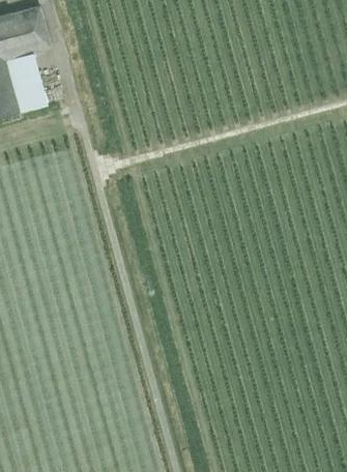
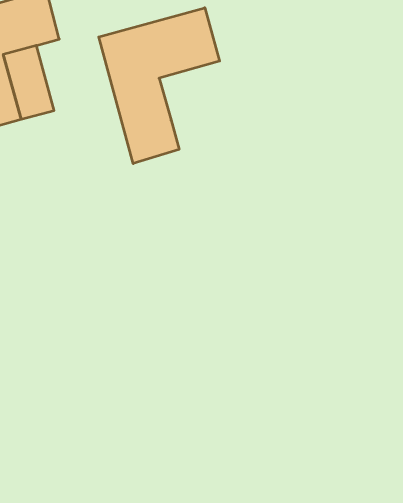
building: none -> [99,8,220,164]

